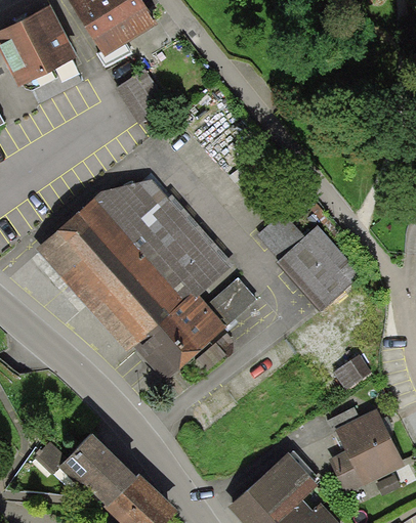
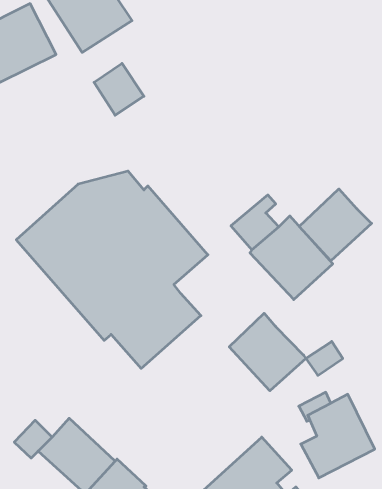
building: none -> [299,189,372,261]
building: [205,276,256,326] -> none
building: none -> [229,313,306,391]

